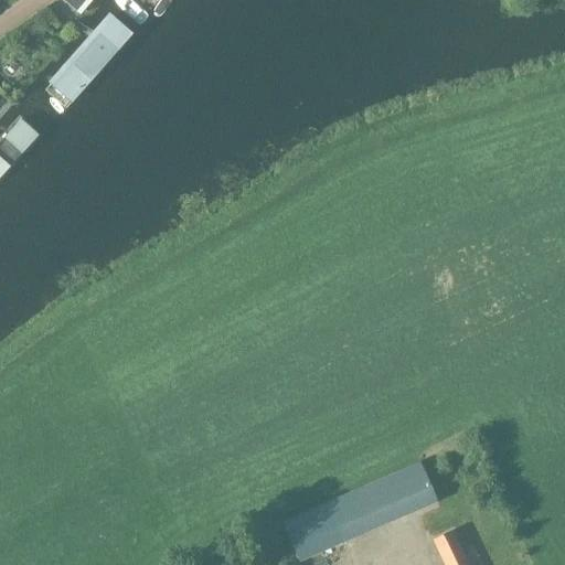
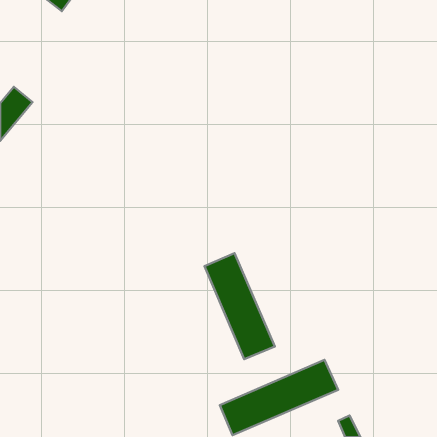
building: [44,12,131,106] -> none
building: none -> [204,253,275,359]

